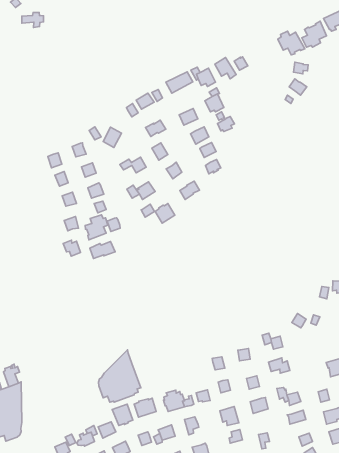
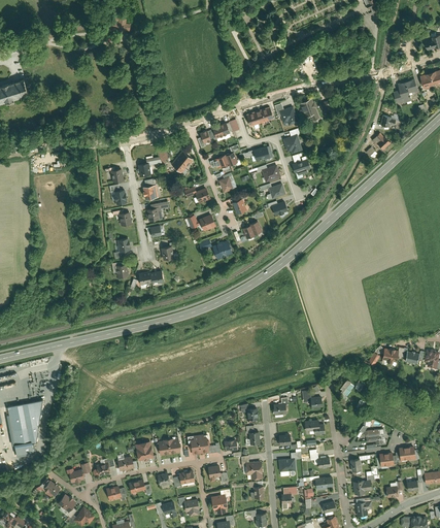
building: [278,31,305,55] -> none
building: [85,215,108,240] -> none
building: [99,350,141,402] -> none

